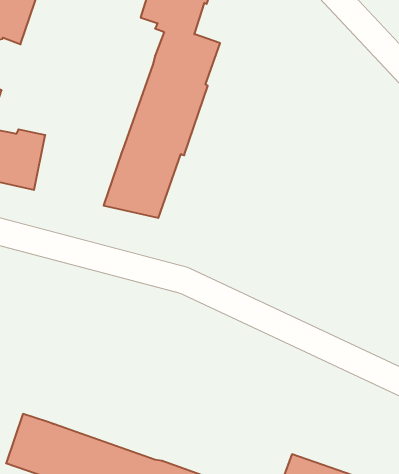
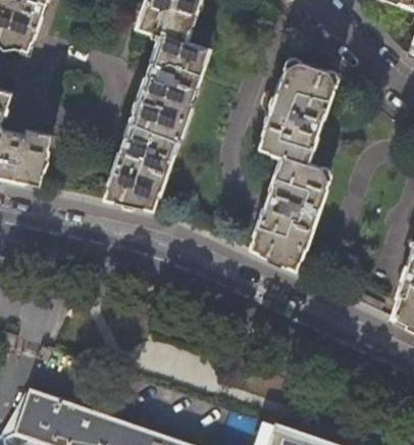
building: none -> [249,59,338,271]

